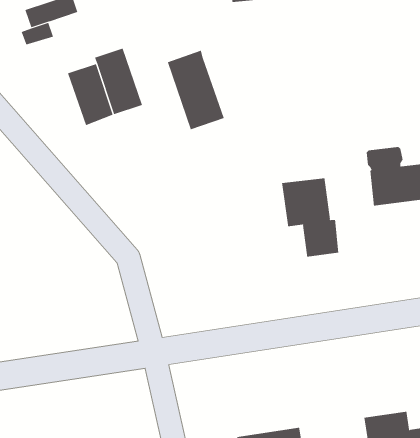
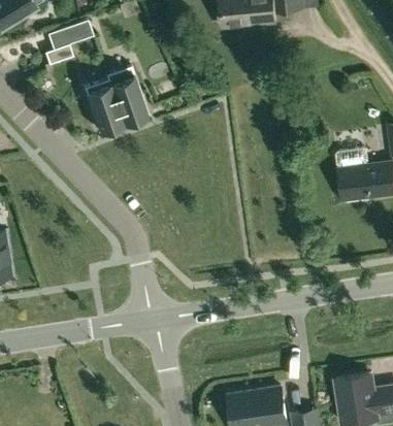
building: [167,50,224,130] -> none
building: [282,177,339,257] -> none

